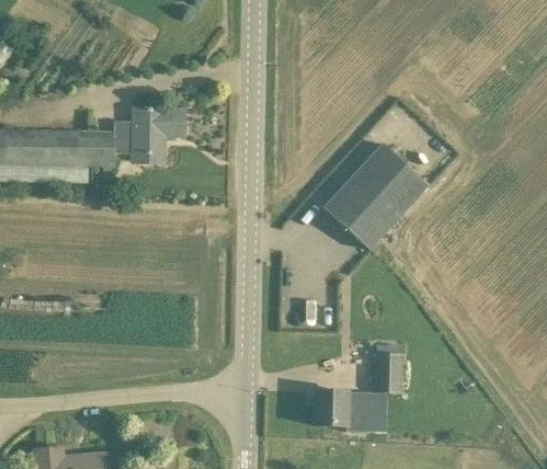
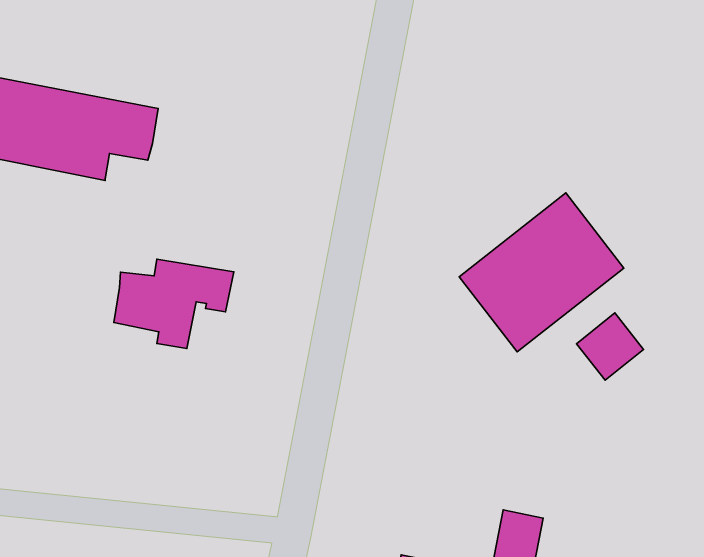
building: [113,110,185,163] -> [114,259,234,348]
building: none -> [576,313,644,380]

